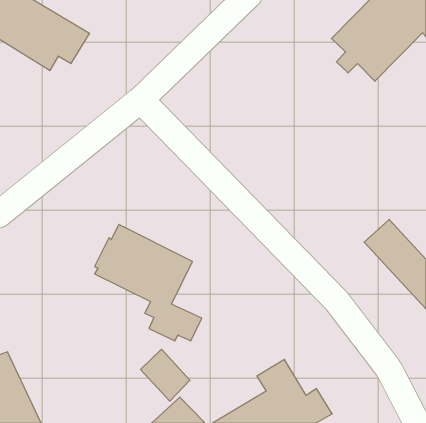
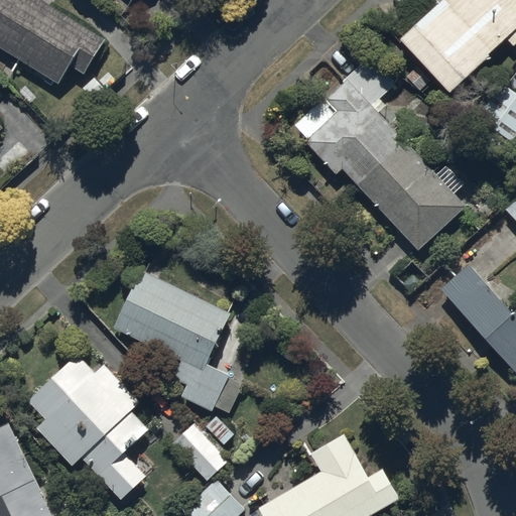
building: none -> [293,55,466,250]
building: none -> [28,354,150,501]

